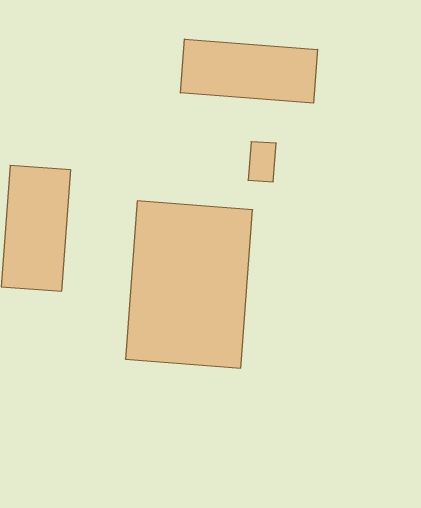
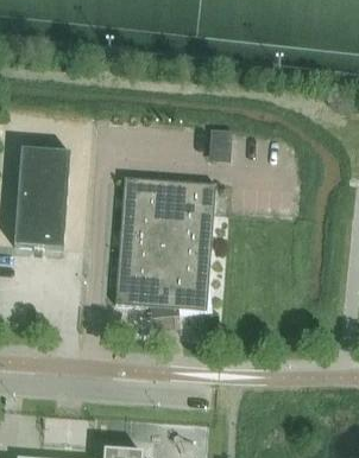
building: [180,39,318,103] -> none

